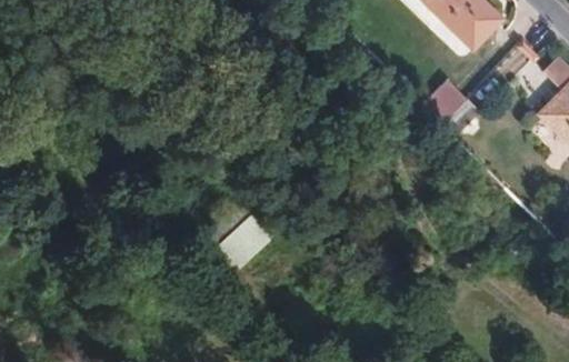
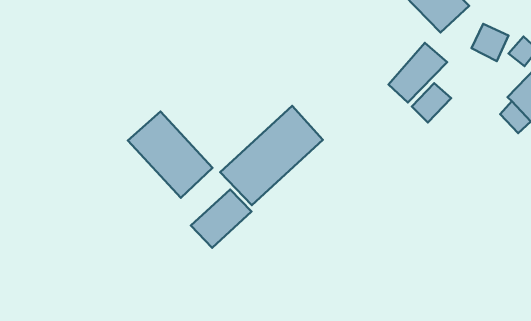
building: none -> [220,106,323,205]
building: none -> [128,111,212,198]

